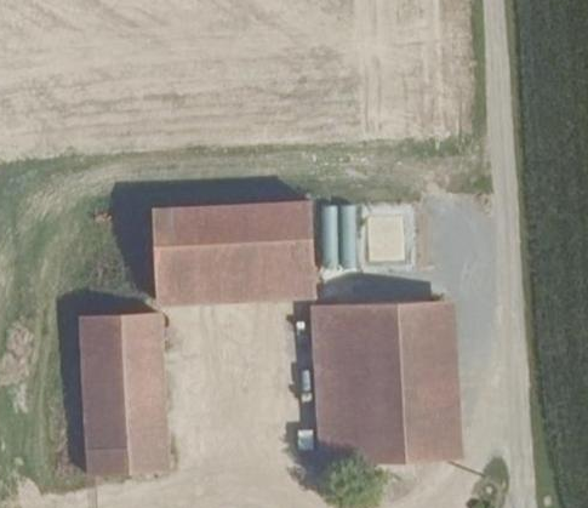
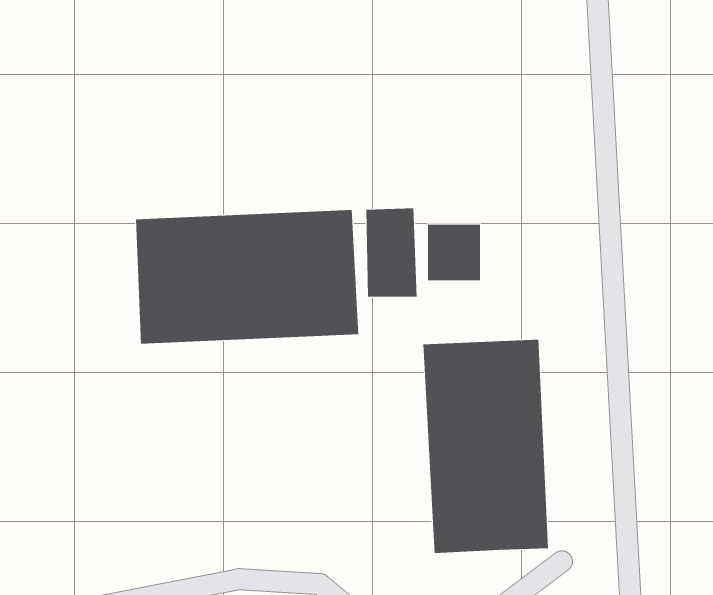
building: [312,303,424,480] -> none
building: [82,316,165,474] -> none

